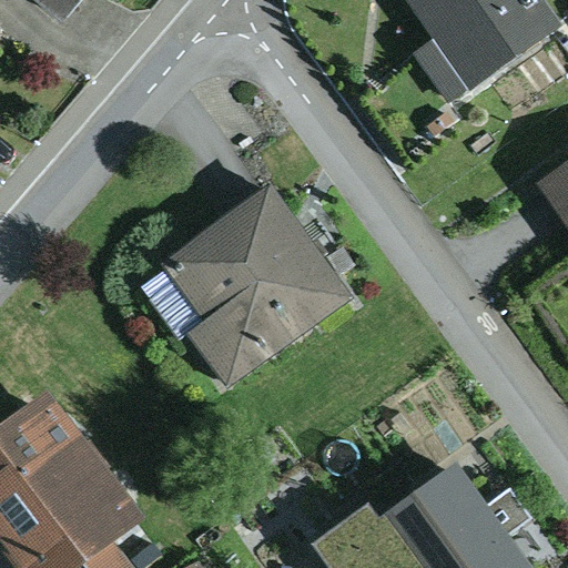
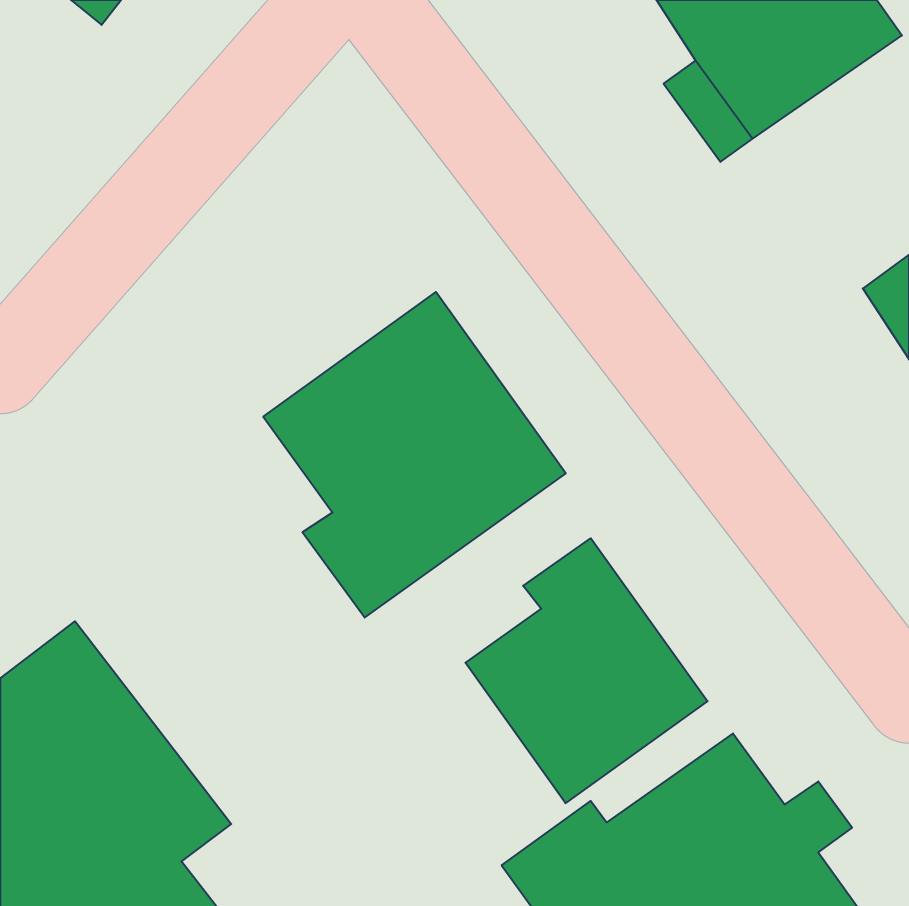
building: none -> [465,538,708,803]

